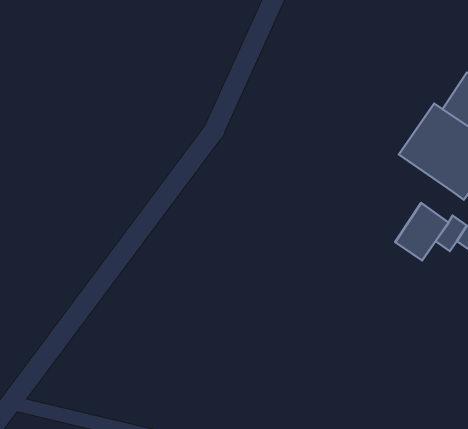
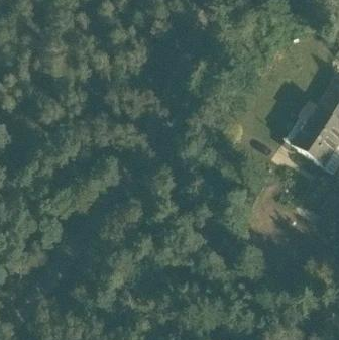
building: [395,203,449,260] -> none

